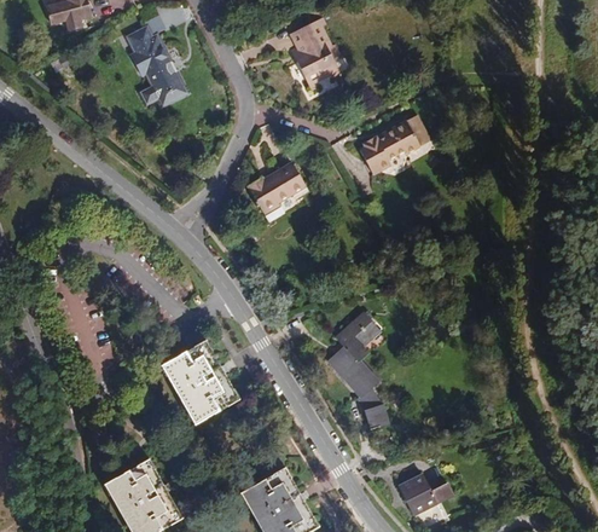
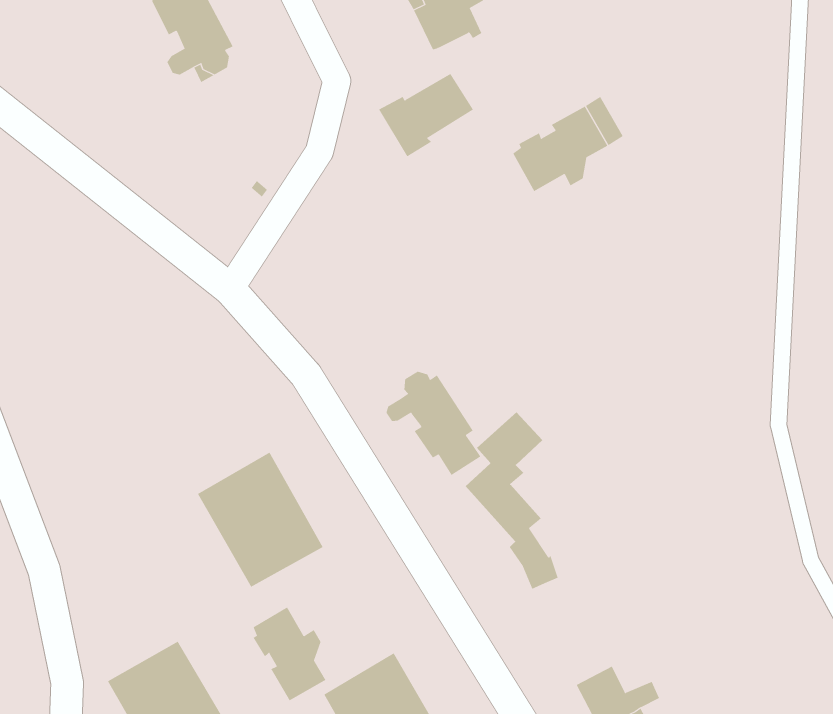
building: [245,162,306,215] -> [378,73,474,157]
building: none -> [386,371,481,476]
building: none -> [253,606,326,701]

